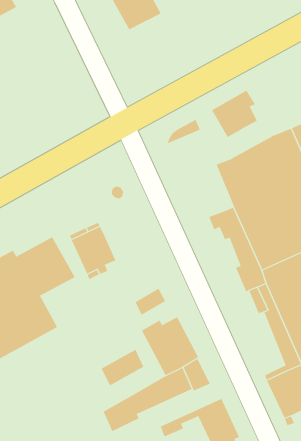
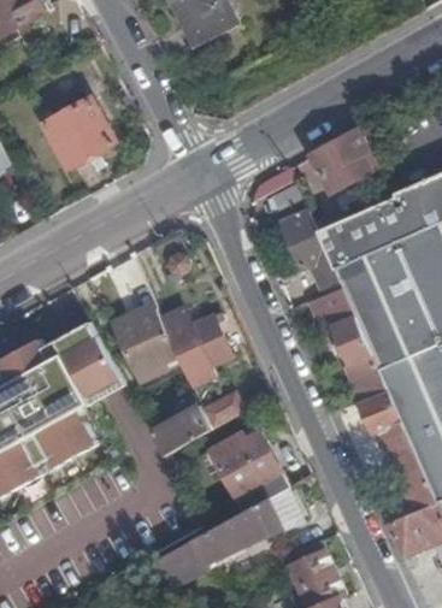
building: none -> [41,99,112,169]
building: none -> [276,208,336,290]
building: none -> [160,307,230,386]
building: [101,349,144,386] -> [152,406,211,456]

